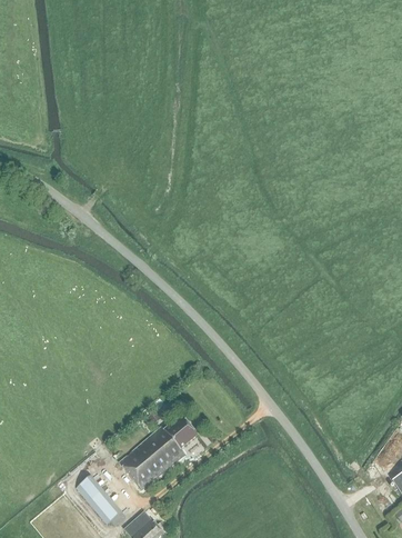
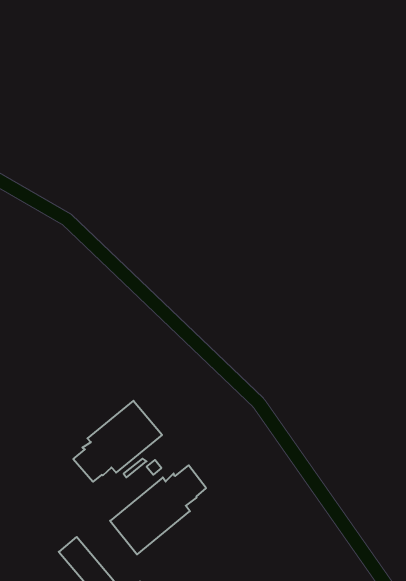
building: none -> [73,401,162,482]

